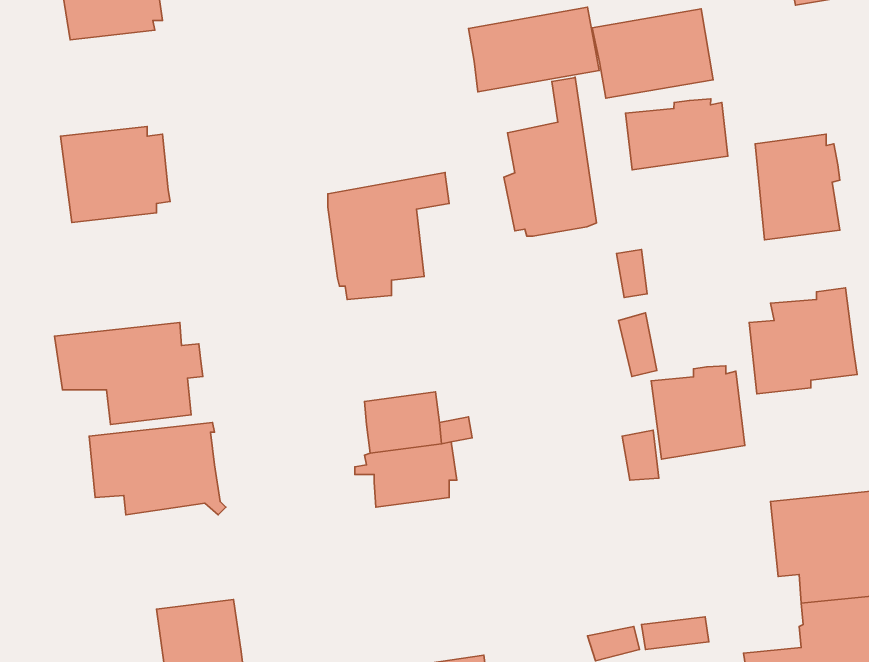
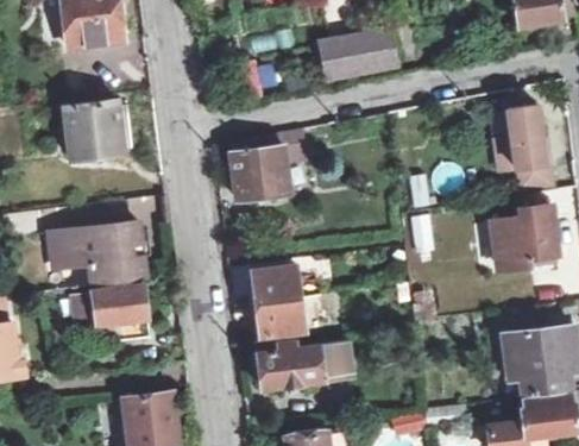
building: [592,9,713,98] -> none
building: [504,77,596,236] -> none
building: [625,99,728,170] -> none
building: [651,366,745,459] -> none
building: none -> [254,338,351,397]

